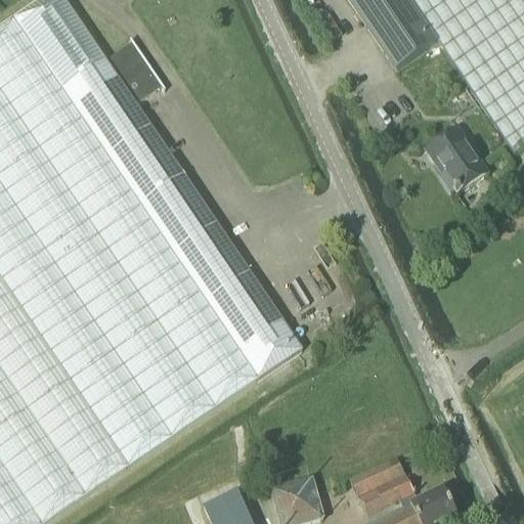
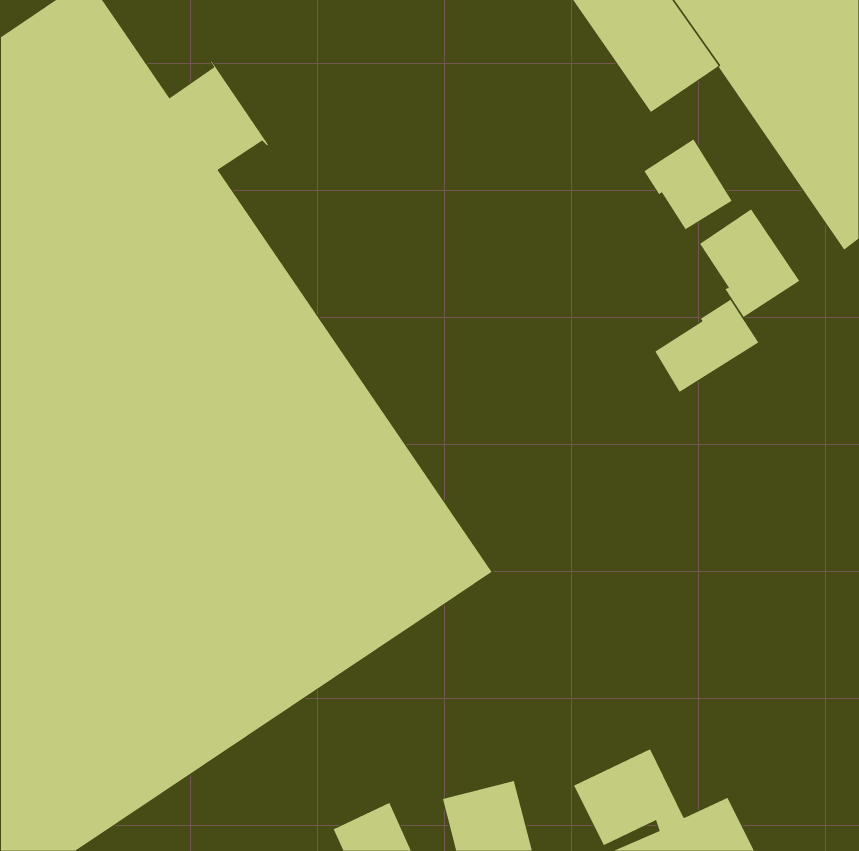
building: none -> [644,138,732,230]
building: none -> [654,299,759,393]

